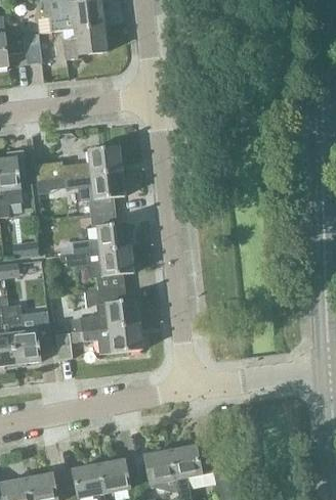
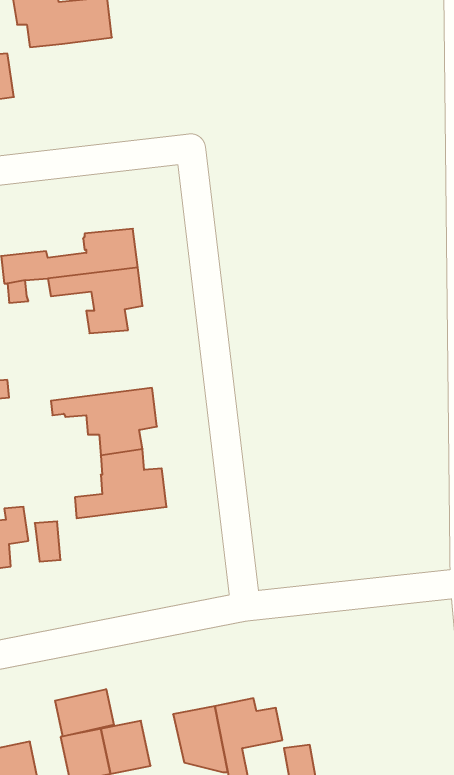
building: [62,25,107,59] -> none
building: [64,211,130,256] -> none
building: [82,323,141,354] -> none
building: none -> [55,689,114,736]

